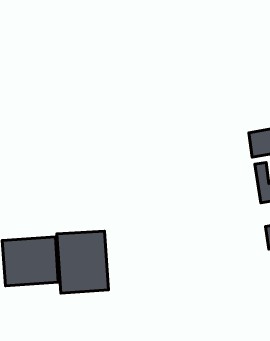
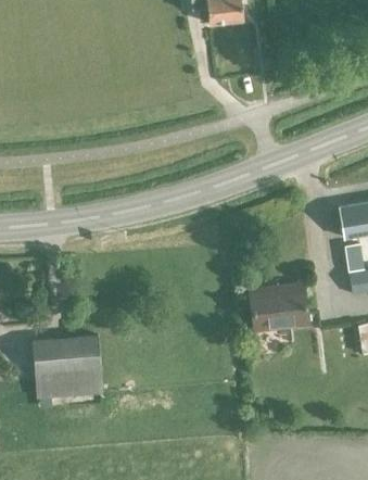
building: none -> [250,283,308,328]
building: [57,231,108,293] -> none

